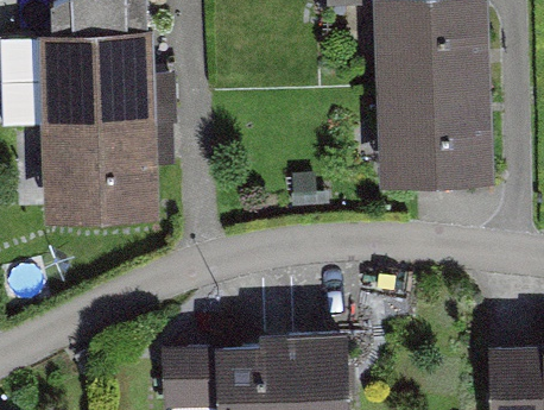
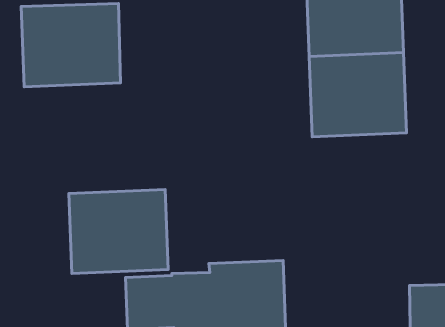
building: [40,120,158,220] -> [69,189,168,274]

